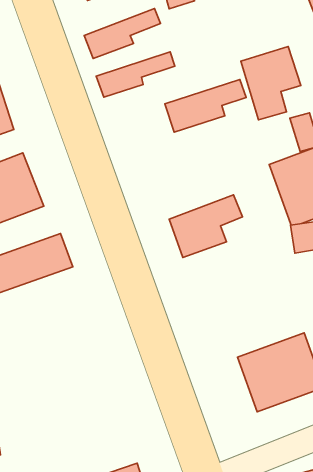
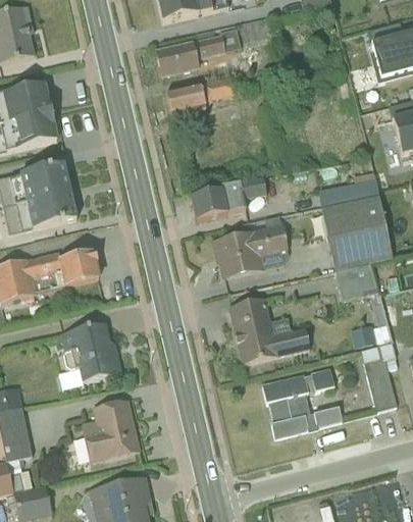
building: [241,46,301,120] -> none
building: [165,79,246,132] -> [184,174,263,218]
building: none -> [228,297,306,364]
building: none -> [73,322,130,380]
building: none -> [90,396,151,459]

